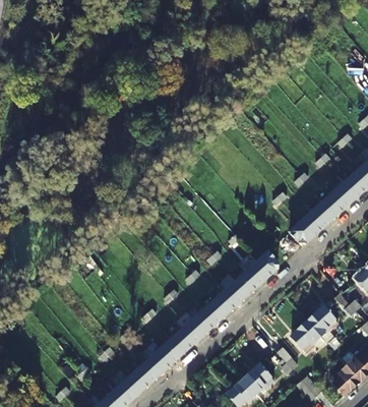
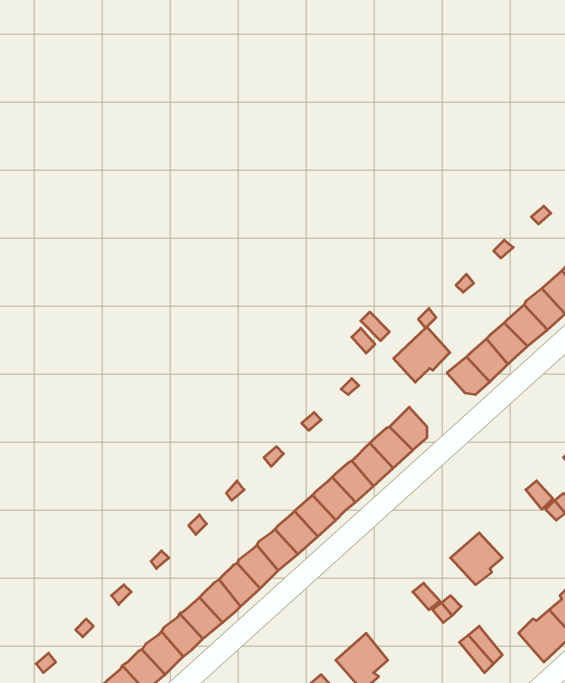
building: none -> [394,327,450,382]
building: [308,306,339,335] -> none
building: [244,363,274,393] -> none

